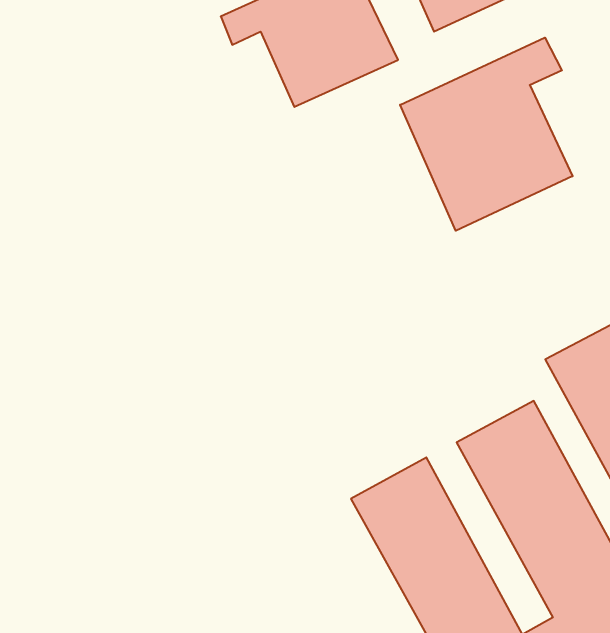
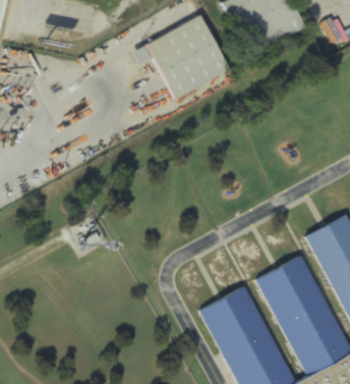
building: [400,38,573,231] -> none

